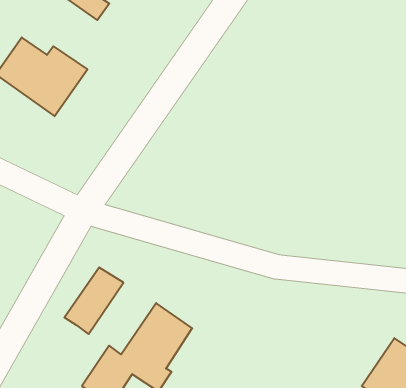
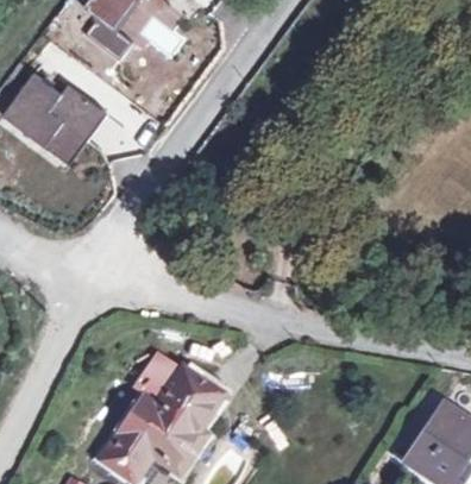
building: [64,267,123,334] -> [118,351,182,423]

